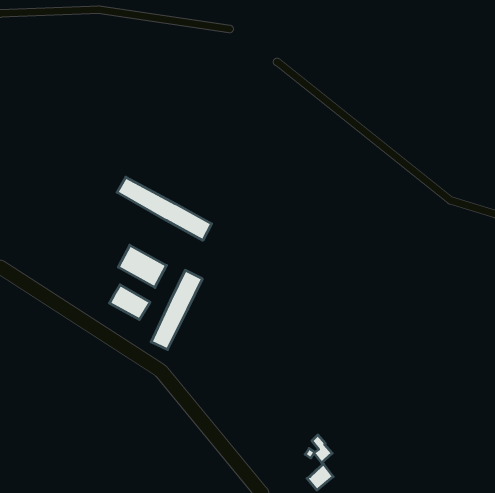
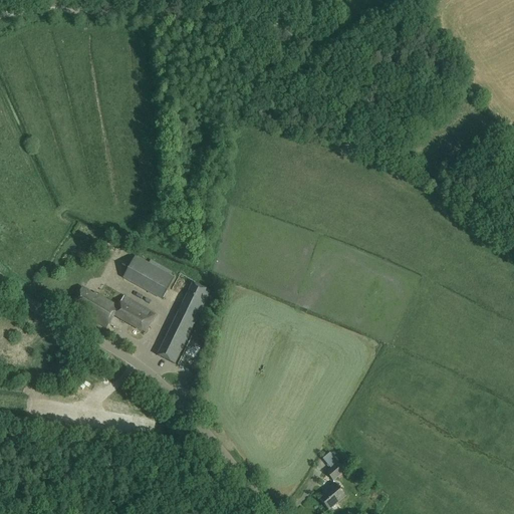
building: [117,177,212,240] -> none
building: none -> [72,286,118,325]

